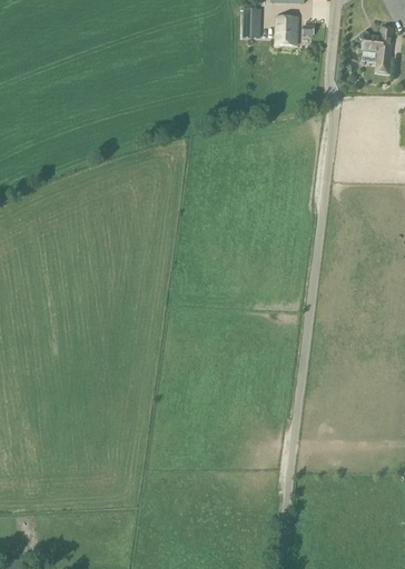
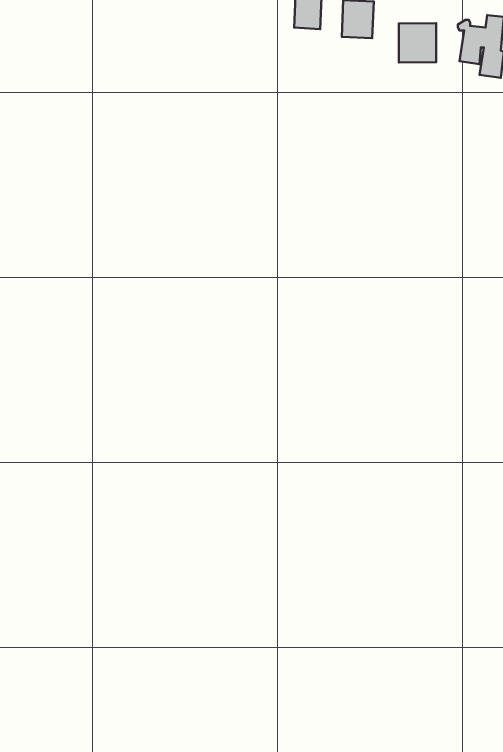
building: none -> [399,23,436,62]

